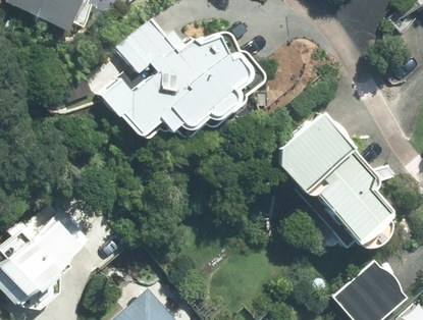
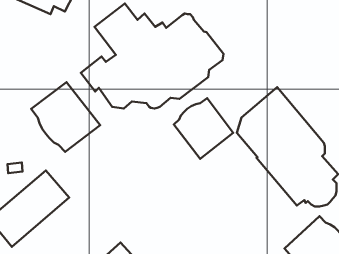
building: none -> [31,82,100,152]
building: none -> [174,98,233,159]

